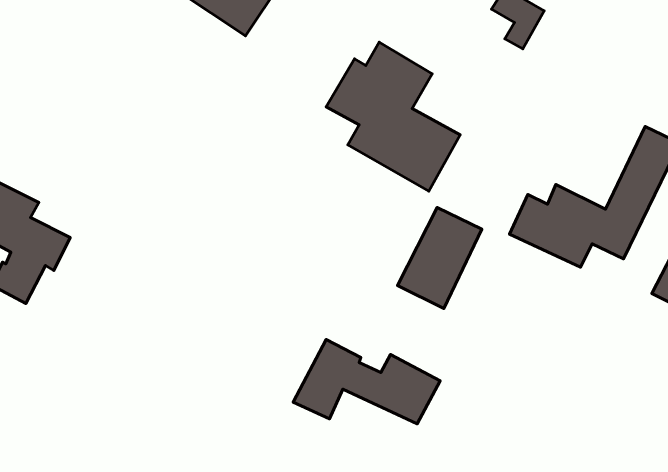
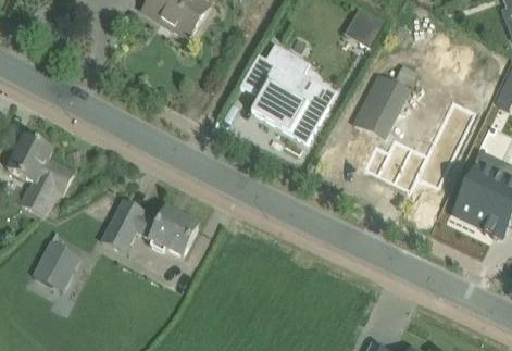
building: [397,208,482,308] -> [354,74,410,140]
building: [293,339,440,424] -> [101,200,198,255]
building: none -> [33,241,71,287]

